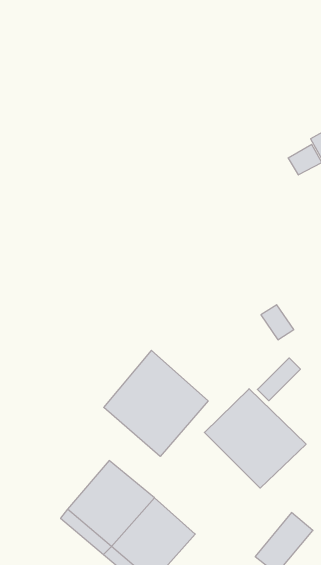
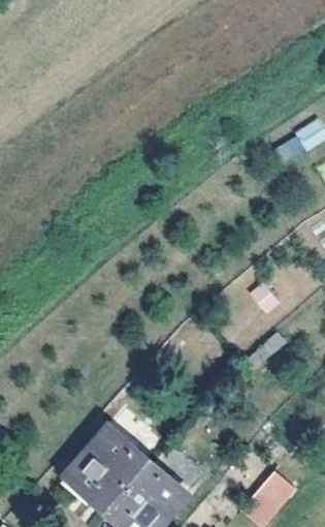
building: [104,350,208,456] -> none
building: [204,389,306,488] -> none

